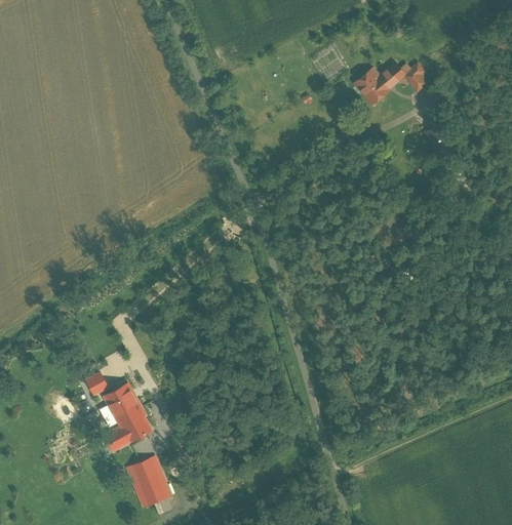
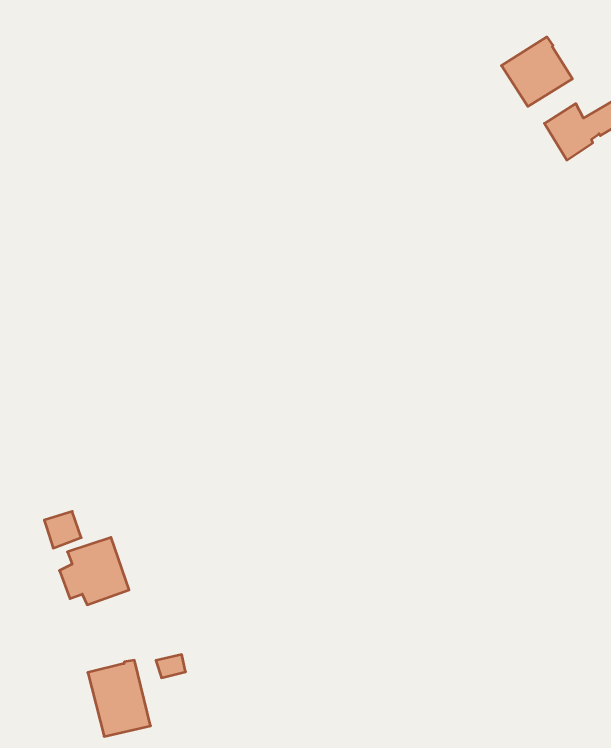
building: none -> [501,37,572,106]
building: [106,413,151,450] -> none

